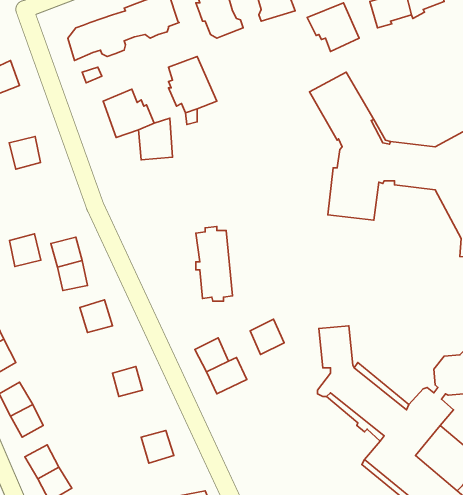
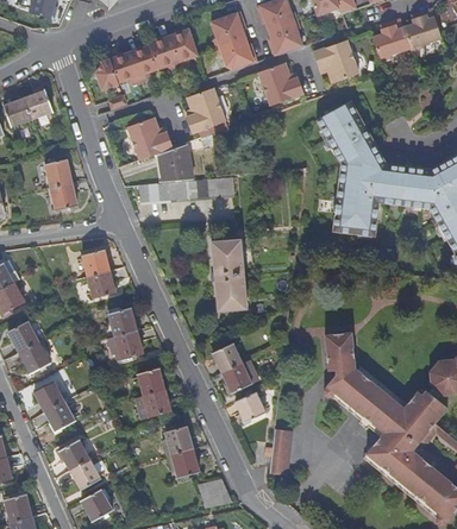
building: none -> [259,62,307,105]
building: none -> [139,178,234,203]
building: [10,234,41,267] -> [49,183,77,213]
building: [250,319,284,354] -> [236,391,267,423]
building: none -> [114,332,144,360]
building: none -> [143,390,170,418]
building: none -> [269,428,293,474]
building: none -> [170,449,199,479]

